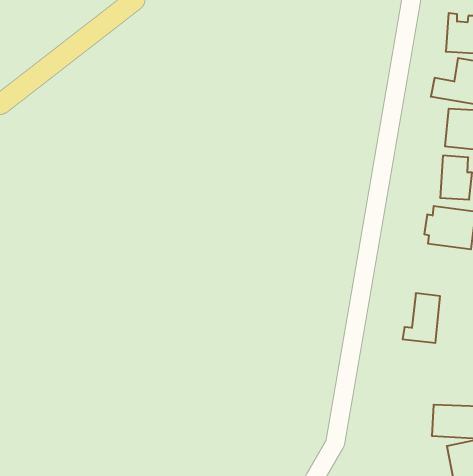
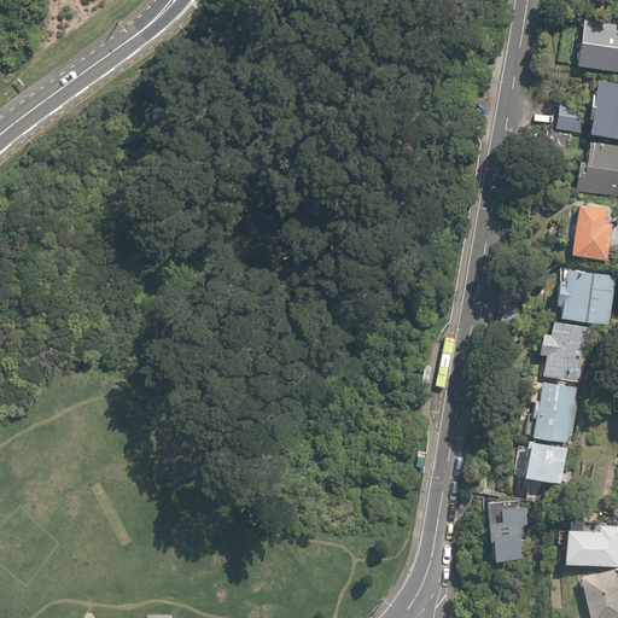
building: none -> [540,320,589,381]
building: none -> [523,441,569,484]
building: none -> [489,507,530,560]

